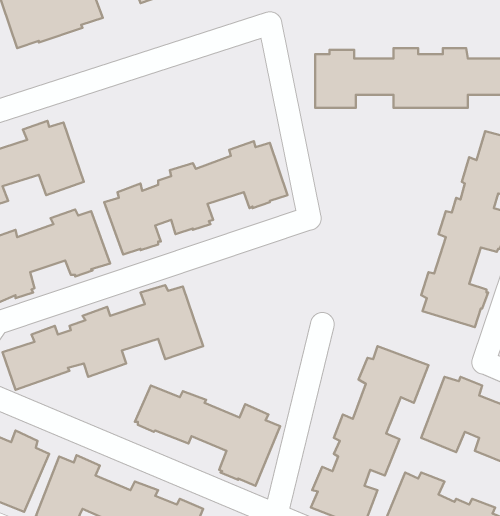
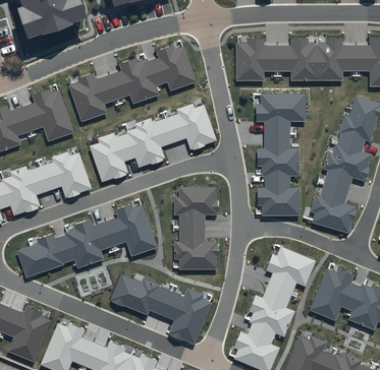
building: none -> [69,46,198,122]
building: none -> [256,94,306,215]
building: none -> [174,187,219,270]

